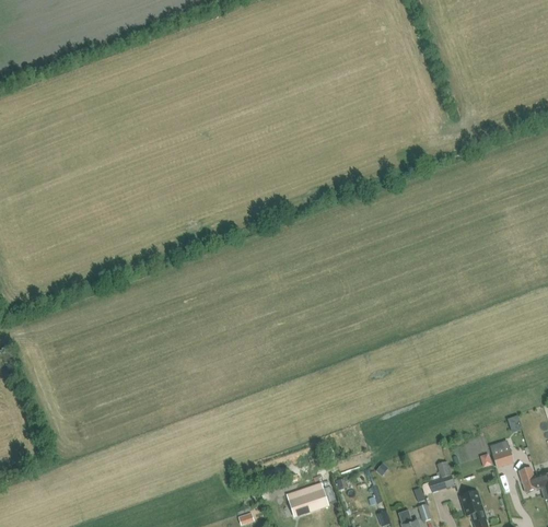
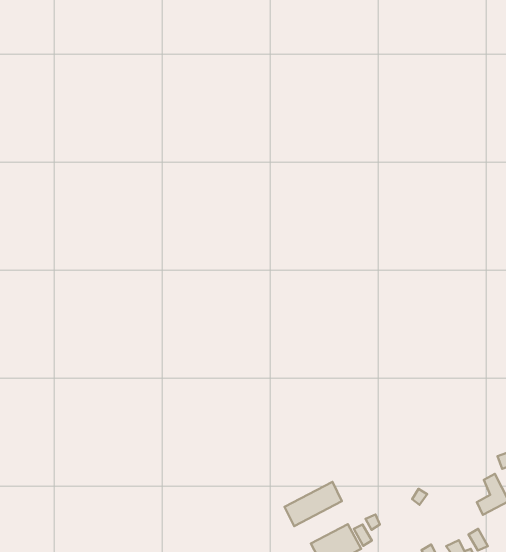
building: none -> [285,482,342,526]

